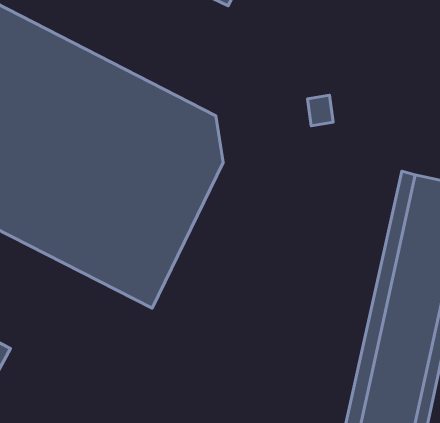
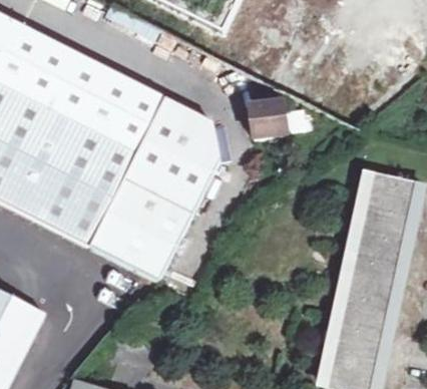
building: none -> [257,100,286,139]

